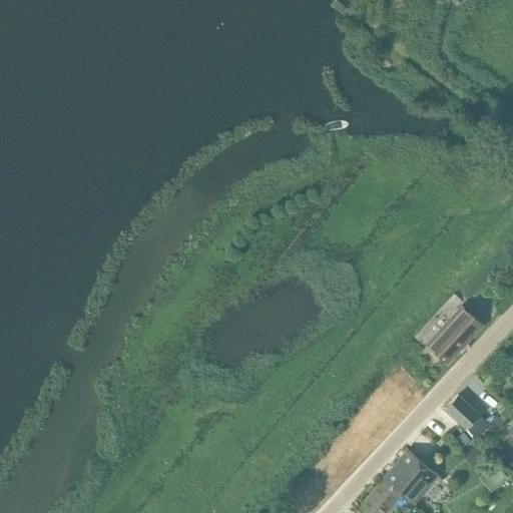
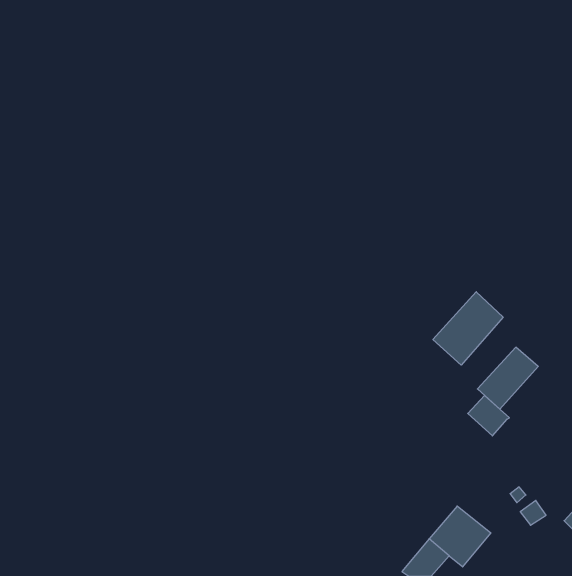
building: none -> [433,292,503,365]
building: [445,394,482,430] -> [468,395,509,436]

